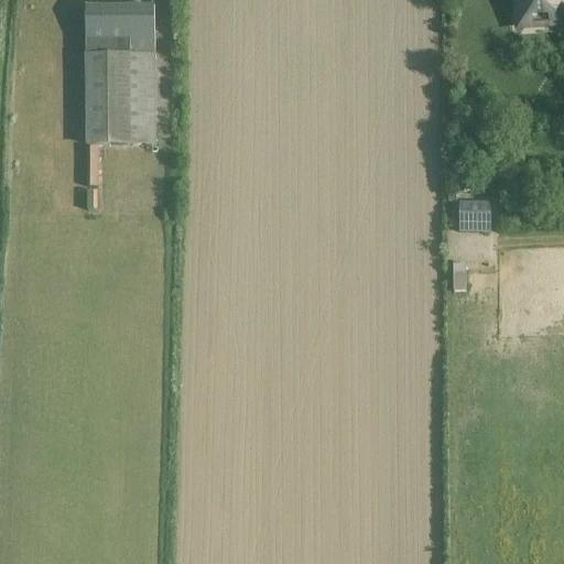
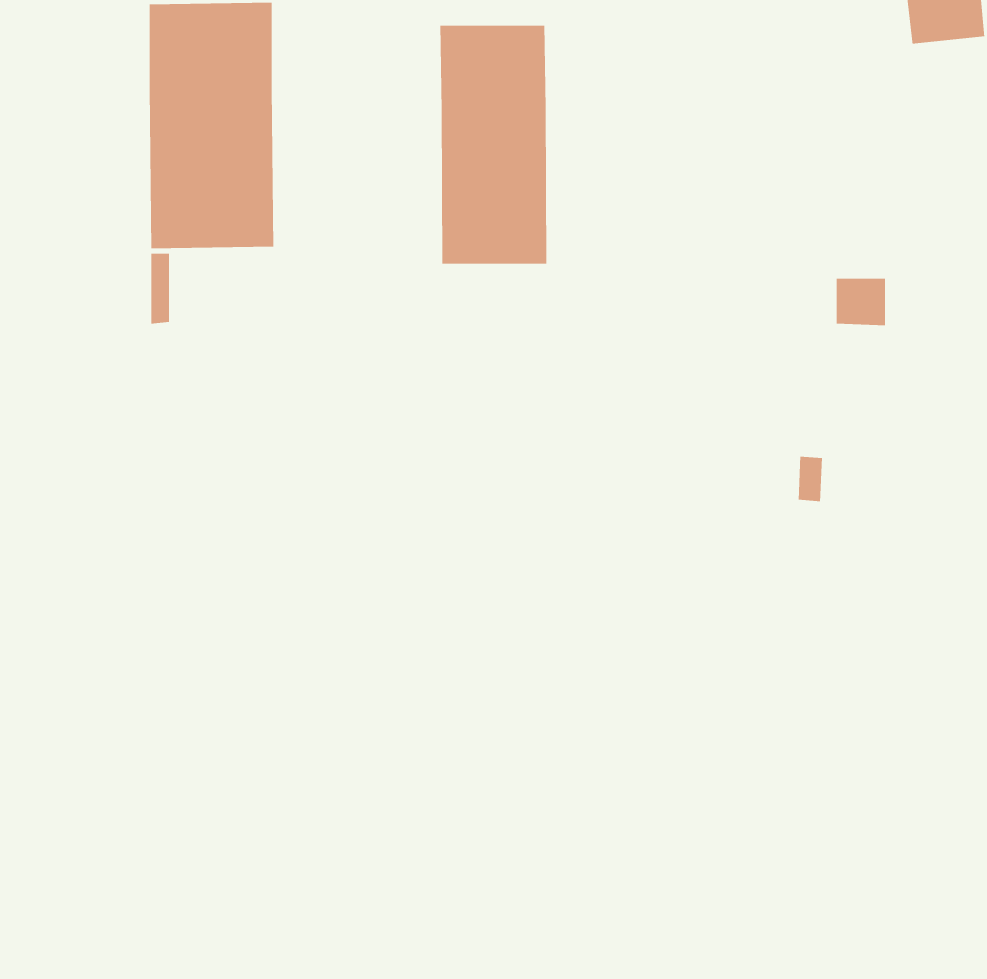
building: none -> [440,25,547,264]
building: [460,203,489,230] -> [836,278,886,326]

